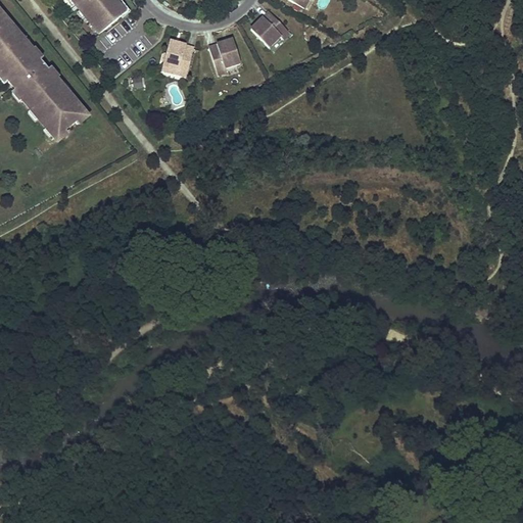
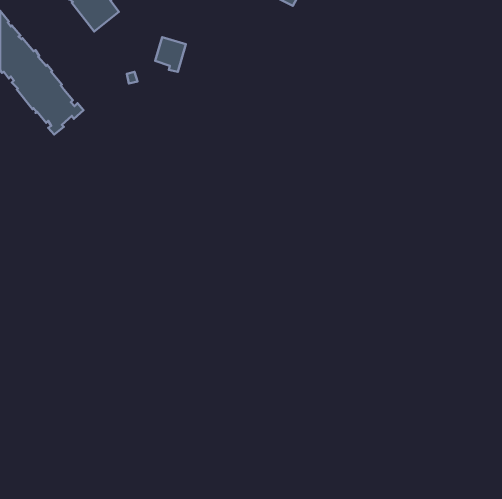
building: [250,10,289,46] -> none
building: [208,38,240,74] -> none

